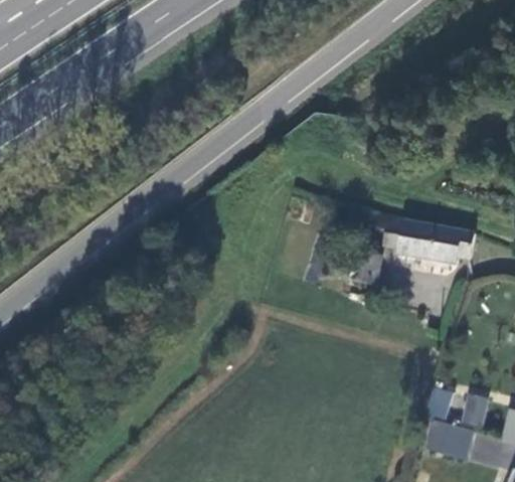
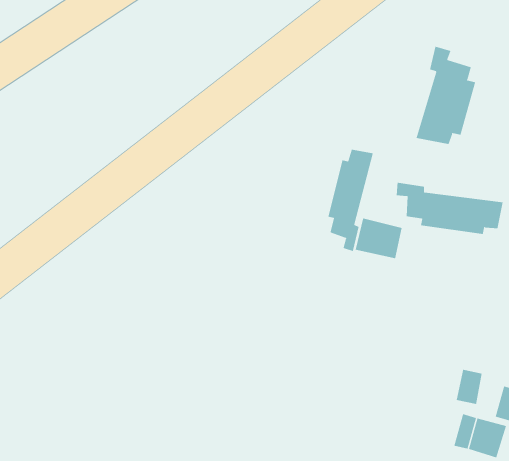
building: none -> [416,46,476,145]
building: none -> [328,149,374,252]

